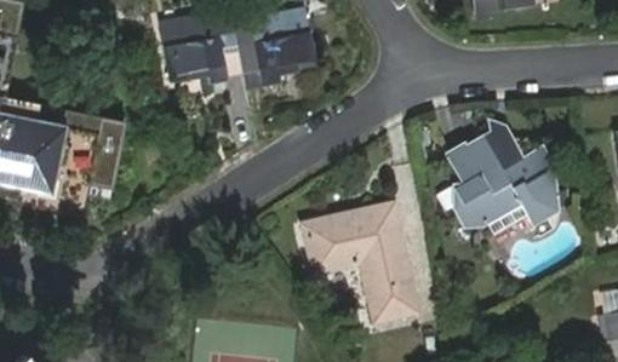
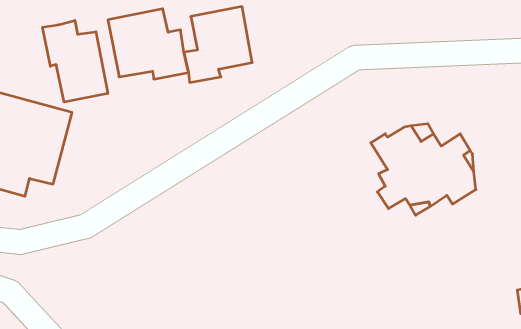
building: none -> [43,20,108,102]
building: [299,207,411,324] -> none

